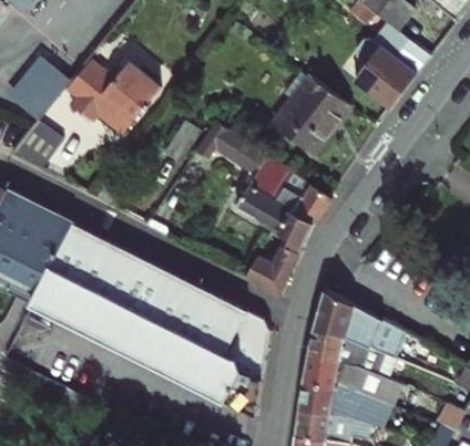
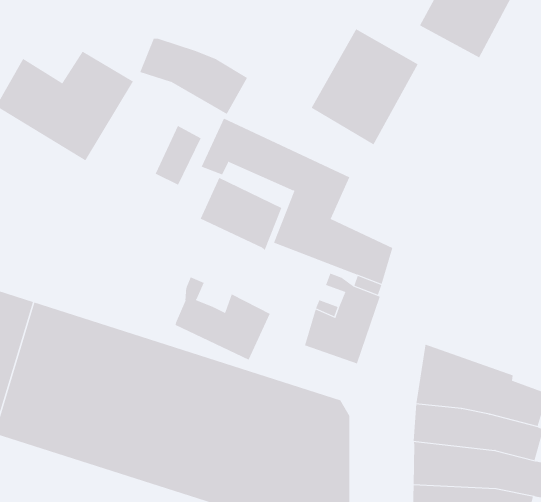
building: none -> [140,38,248,115]
building: [276,173,331,226] -> [200,177,282,251]
building: none -> [175,276,271,360]

